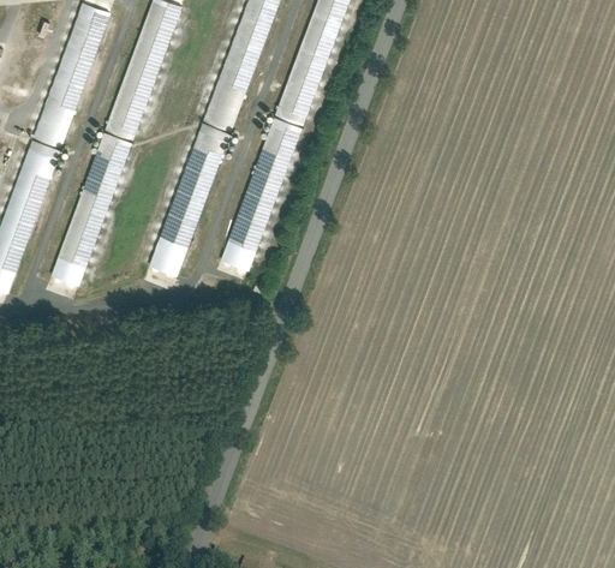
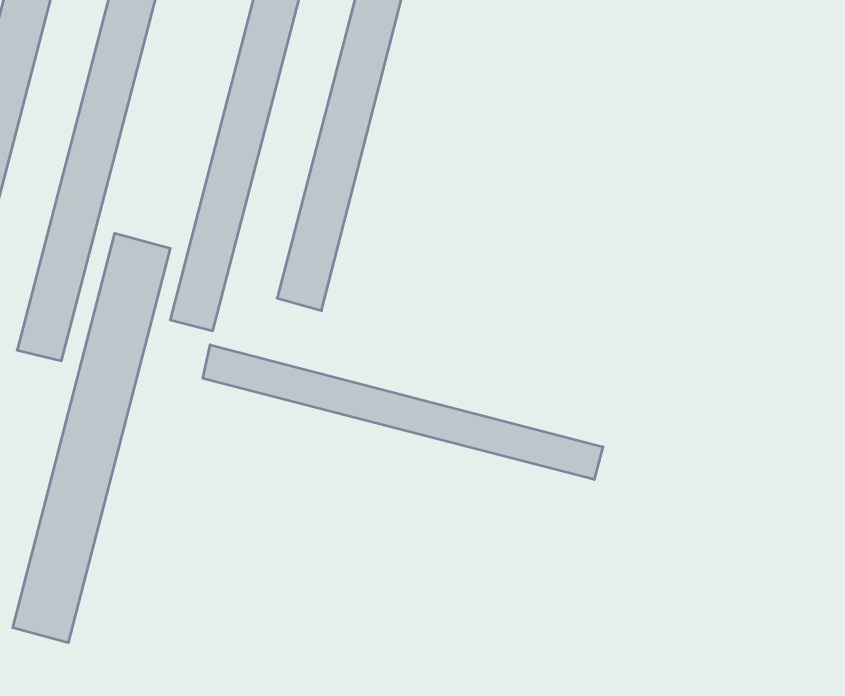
building: none -> [13,233,170,643]
building: none -> [203,345,603,480]

